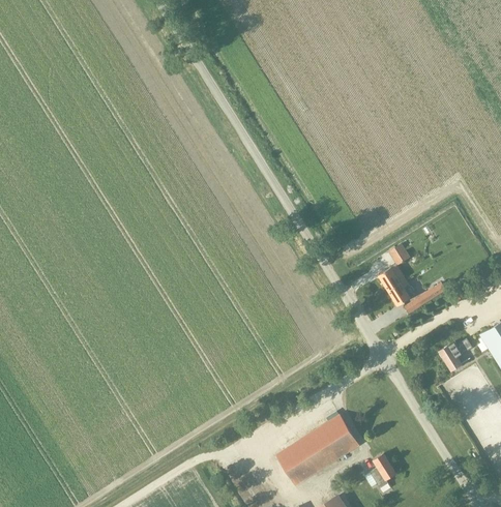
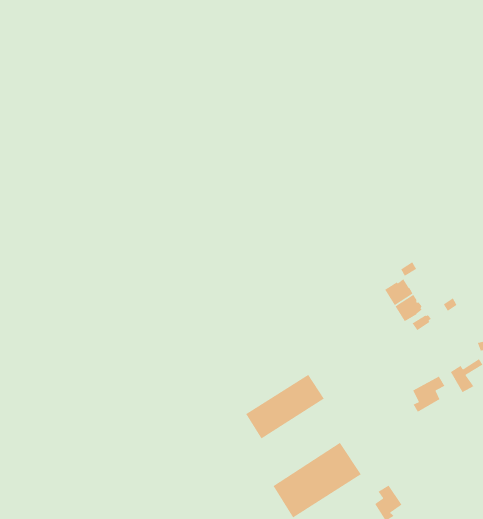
building: none -> [245,374,325,439]
building: none -> [412,375,446,413]

